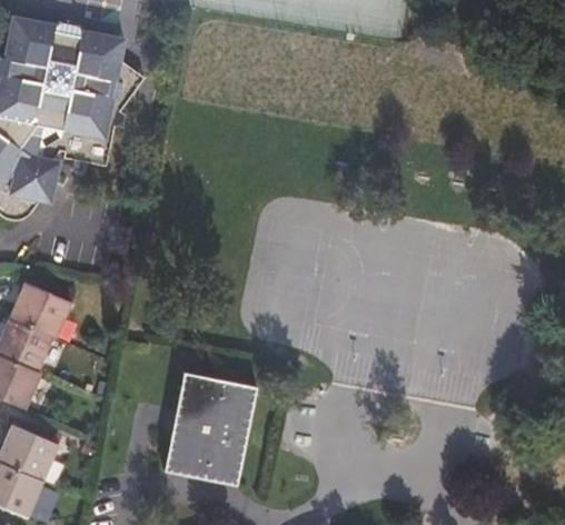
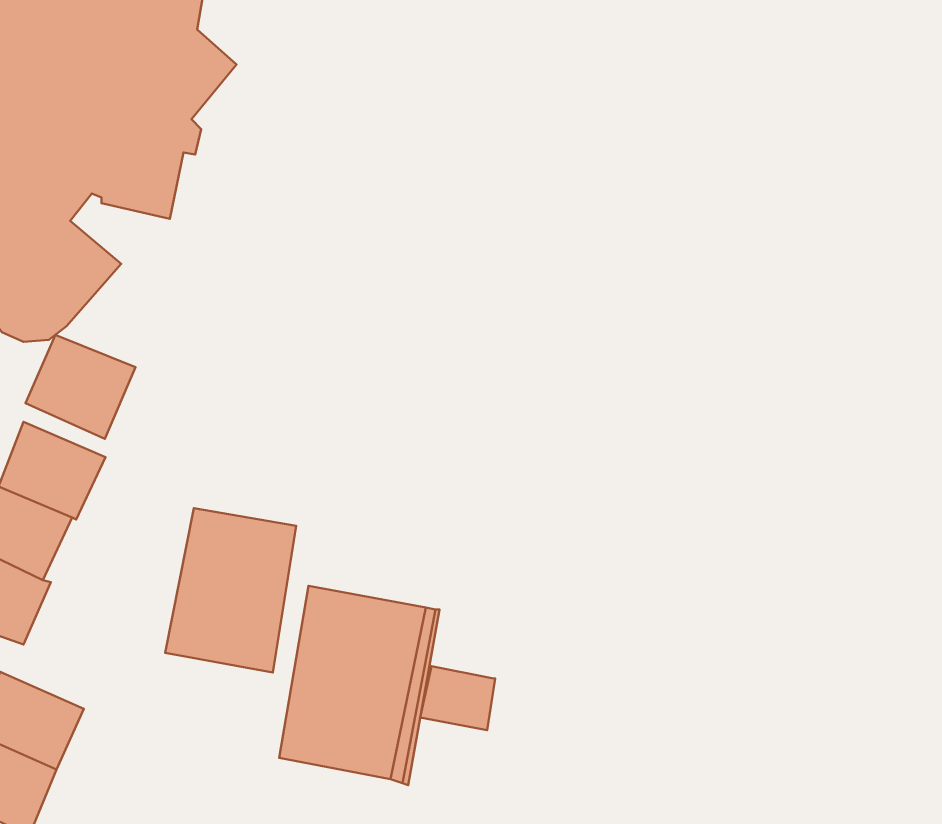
building: none -> [26,335,136,439]
building: none -> [165,508,296,673]
building: none -> [420,666,495,730]

